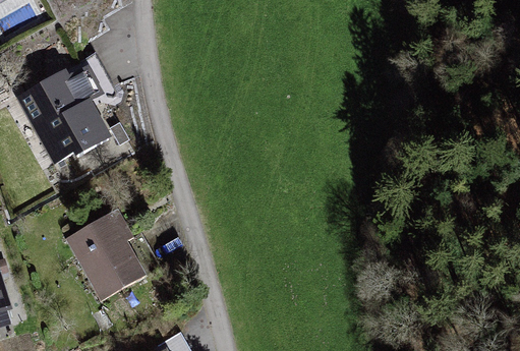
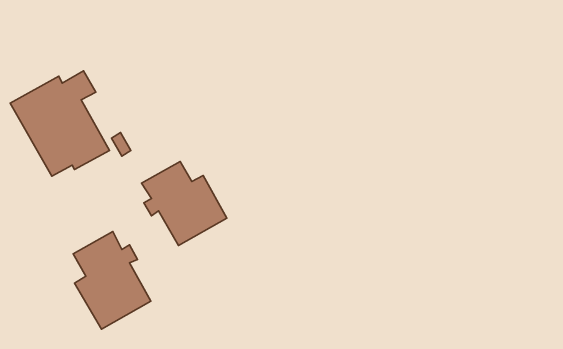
building: none -> [142,161,227,245]

